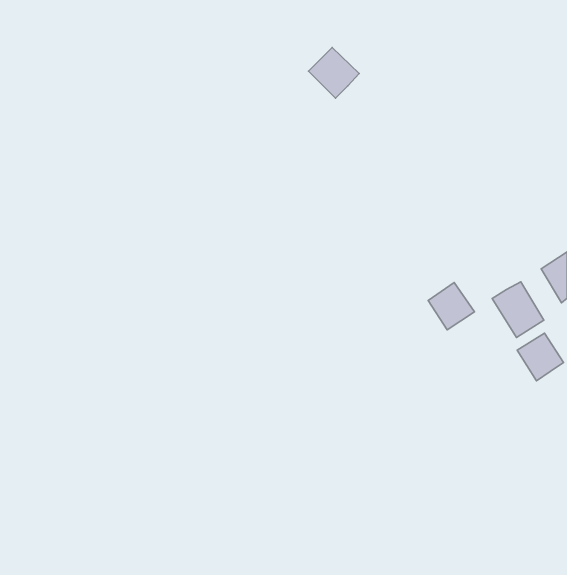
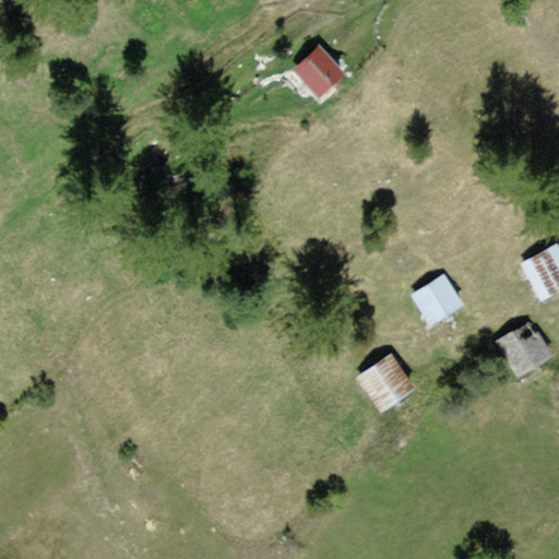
building: [492,282,544,337] -> none
building: none -> [359,358,411,409]

